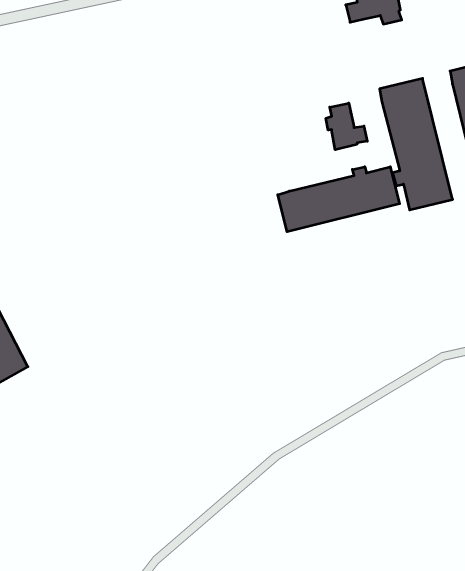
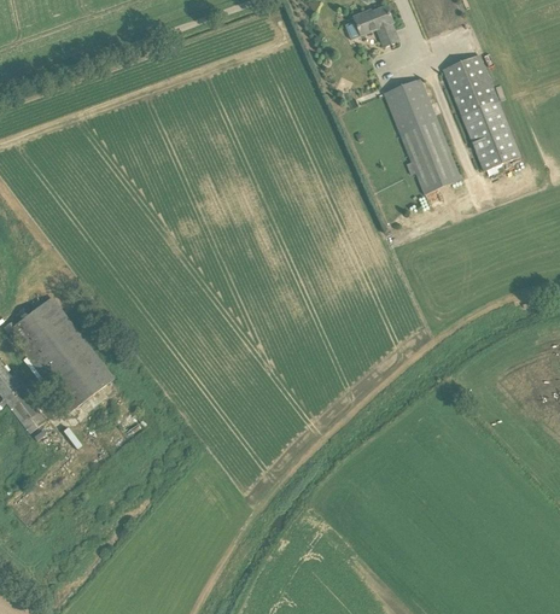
building: [326,103,367,150] -> none
building: [278,167,400,232] -> none

